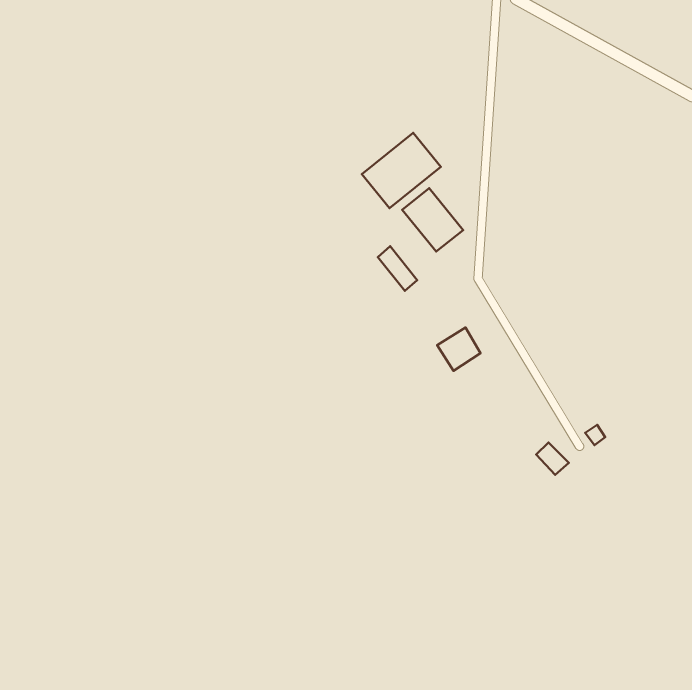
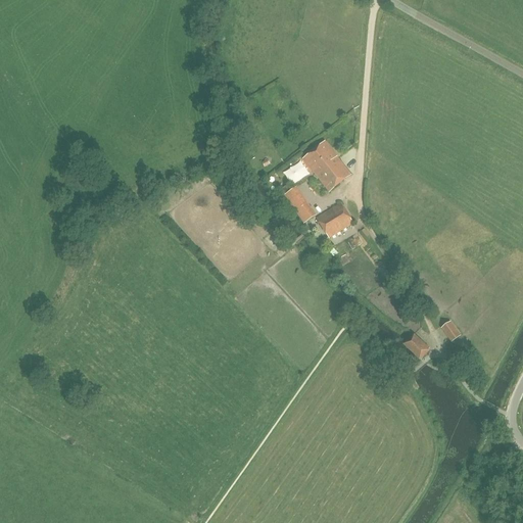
building: [362,133,441,208] -> none
building: [437,328,480,371] -> [319,203,351,236]

